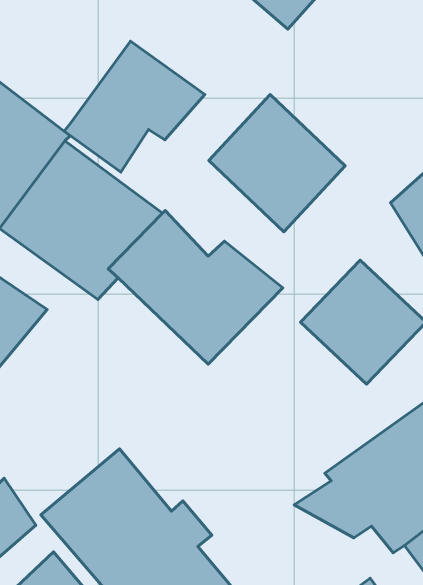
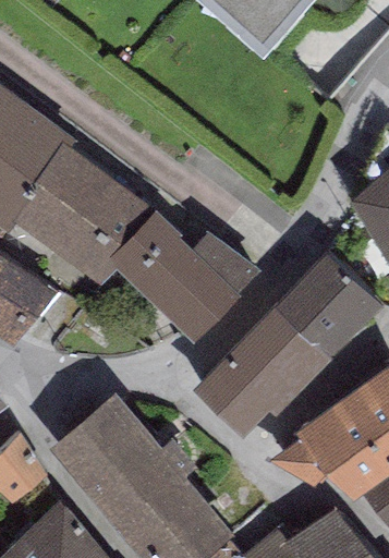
building: [64,41,205,172] -> none
building: [209,95,345,232] -> none
building: none -> [193,303,330,435]

